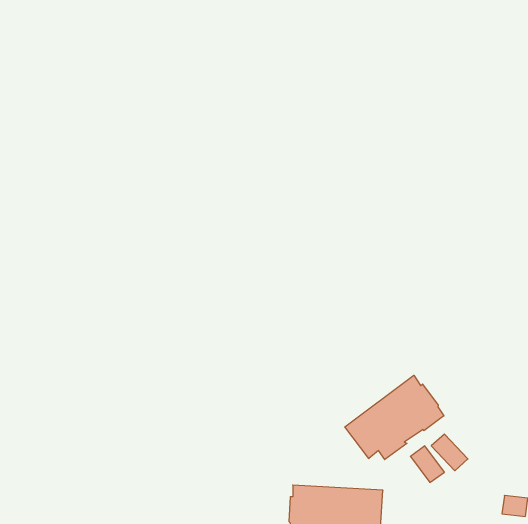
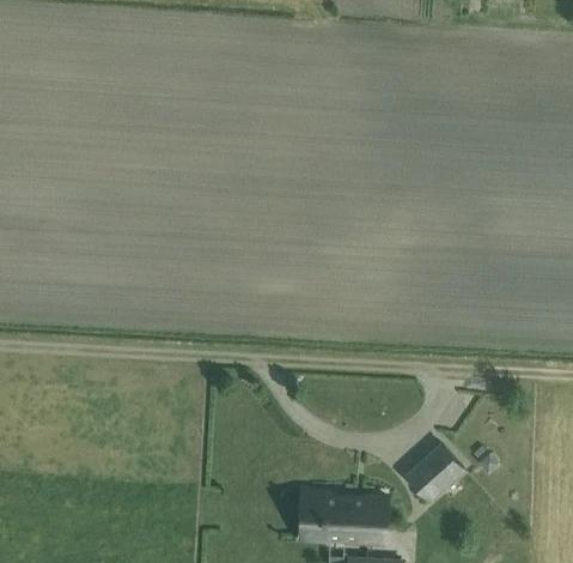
building: [345,375,444,460] -> none

